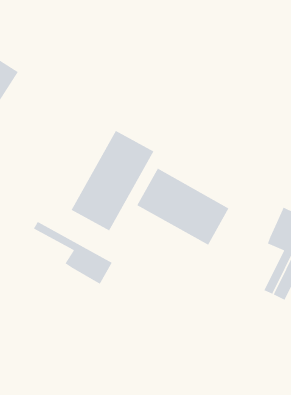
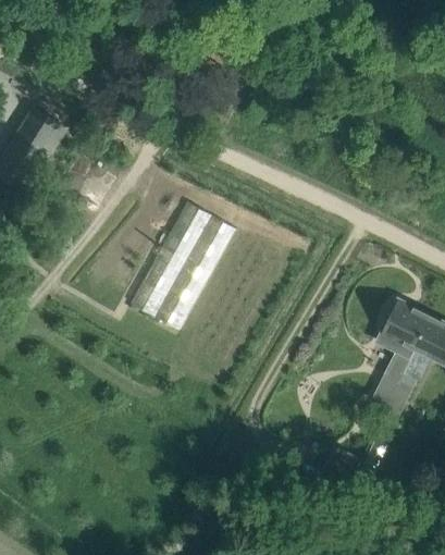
building: [136,168,230,246] -> none
building: [33,221,113,285] -> none

